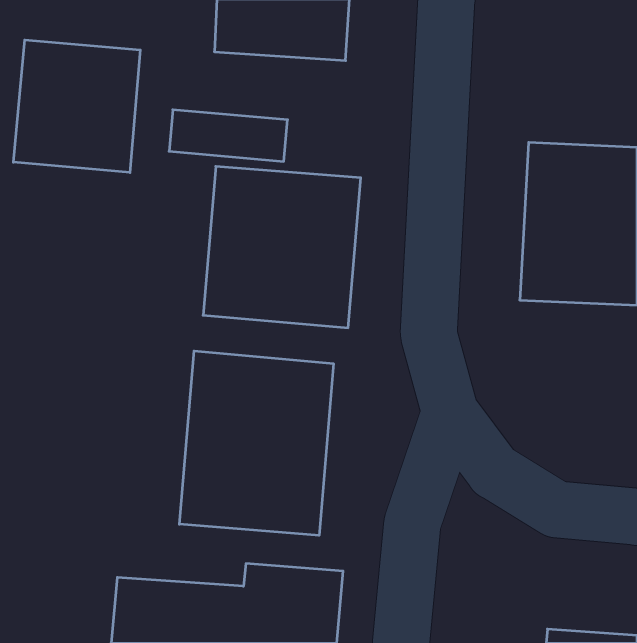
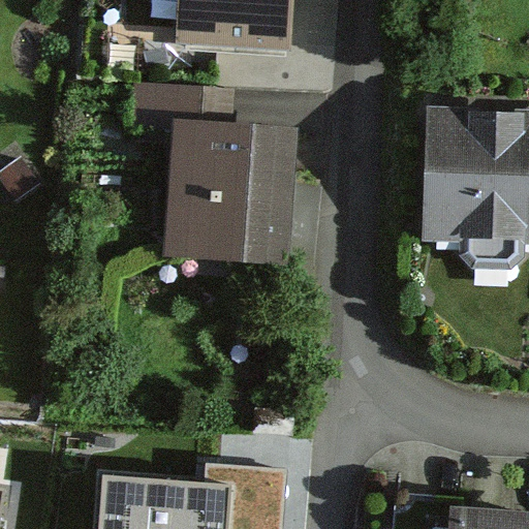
building: [13,40,140,173] -> none
building: [179,351,333,535] -> none

